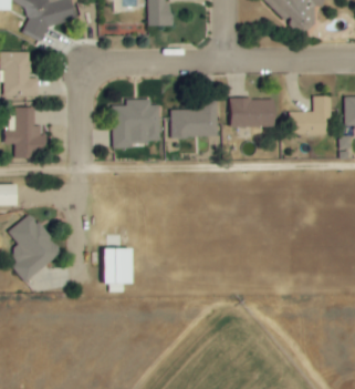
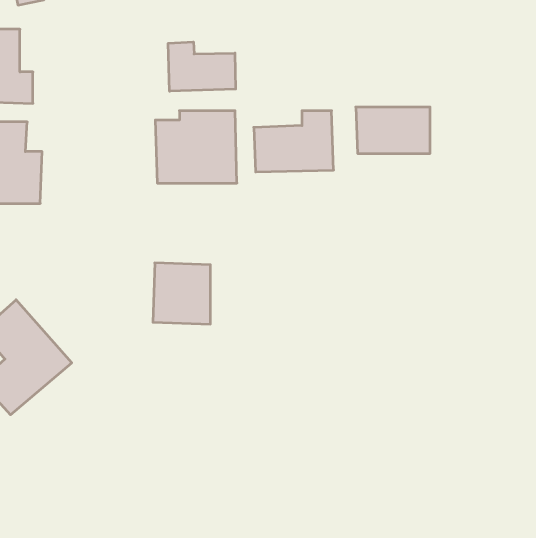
building: none -> [168,42,236,91]
building: [290,95,330,135] -> none
building: [100,248,134,285] -> [153,263,210,324]

